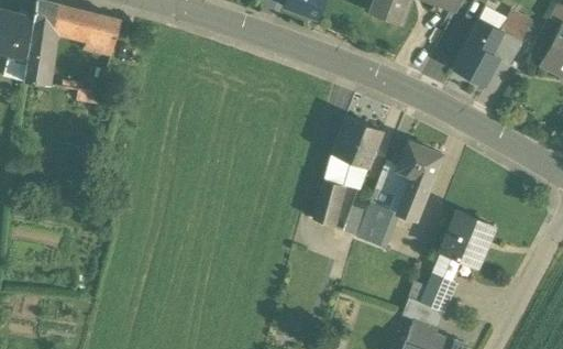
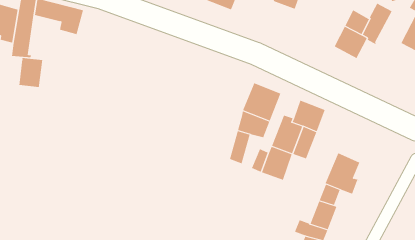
building: none -> [19,57,43,88]

